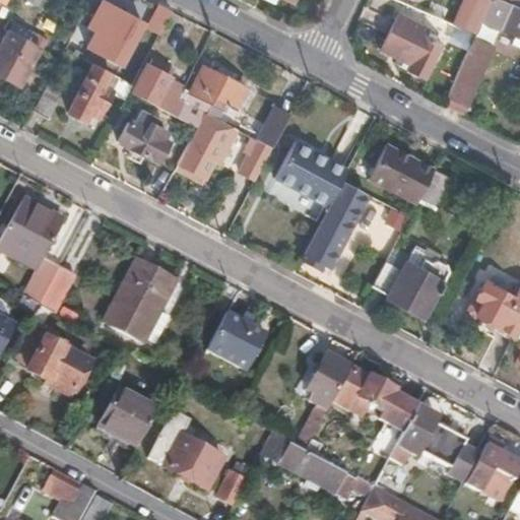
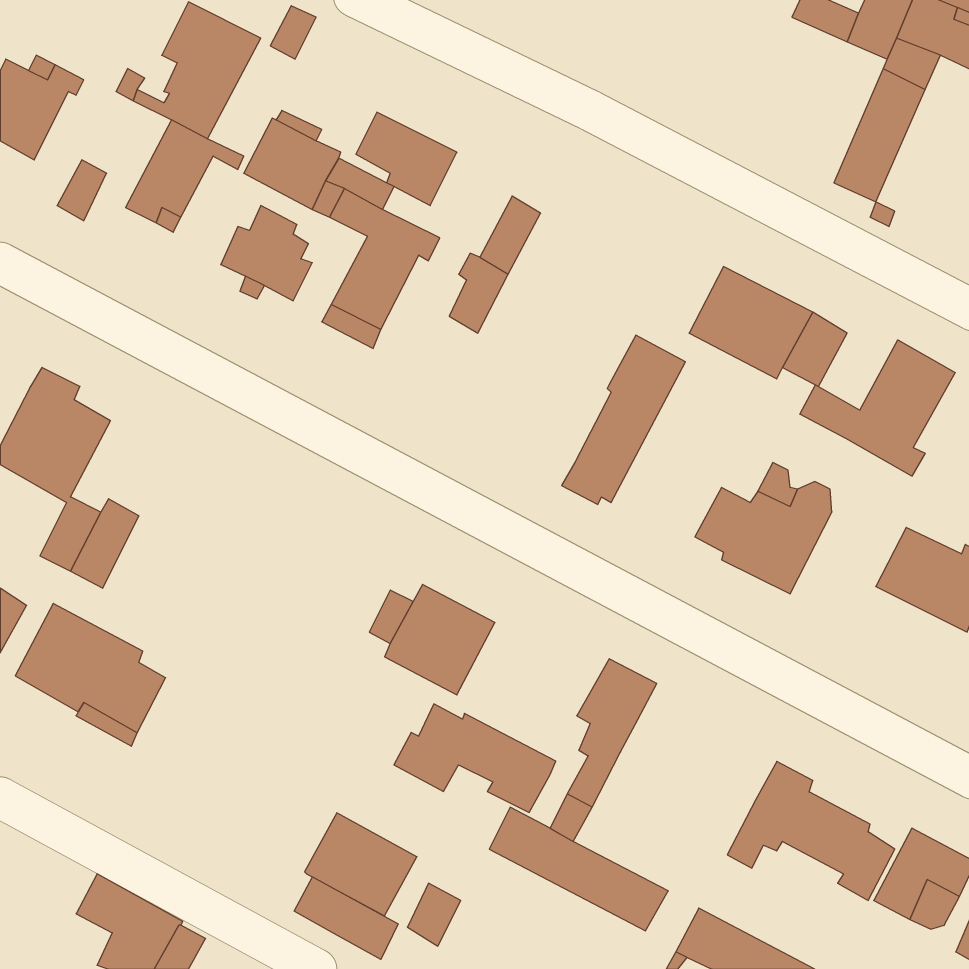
building: [382,13,442,76] -> none
building: [275,142,346,205] -> none
building: none -> [800,340,955,476]
building: [104,261,186,348] -> none
building: [333,369,419,427] -> [394,704,556,812]
building: [100,388,157,445] -> none
building: none -> [294,877,398,959]

